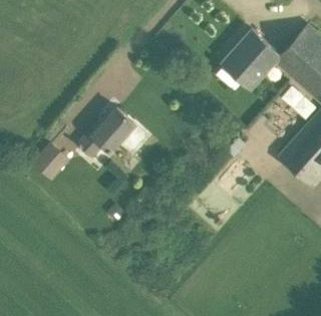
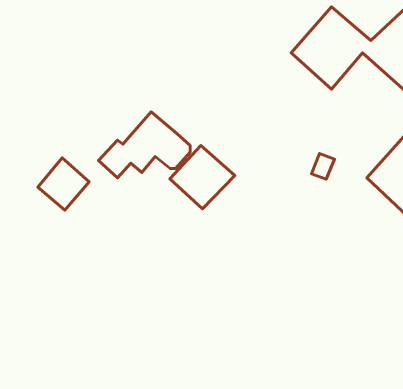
building: none -> [170,145,235,209]

